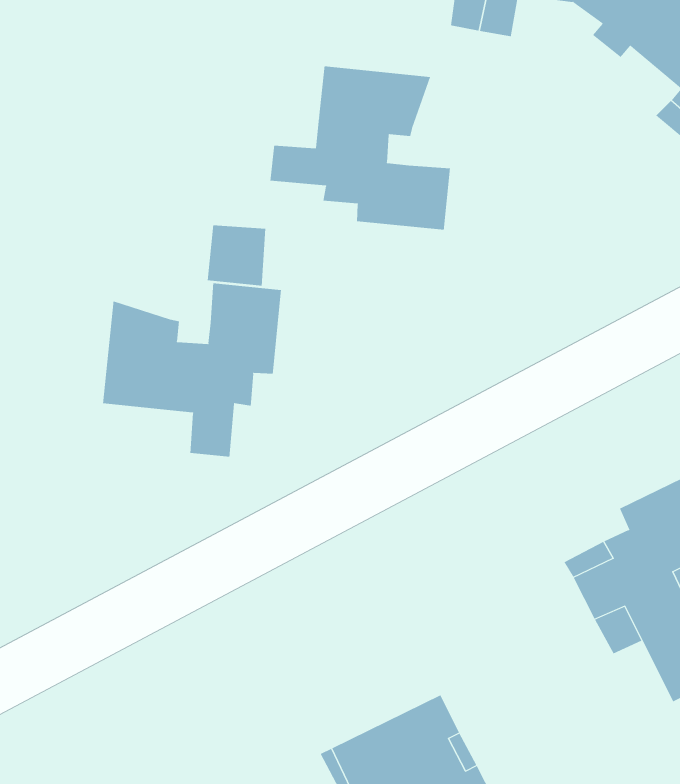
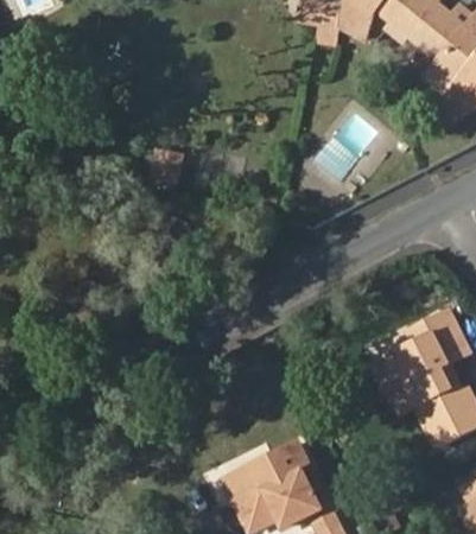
building: [270,65,451,230] -> none
building: [102,283,281,458] -> none

